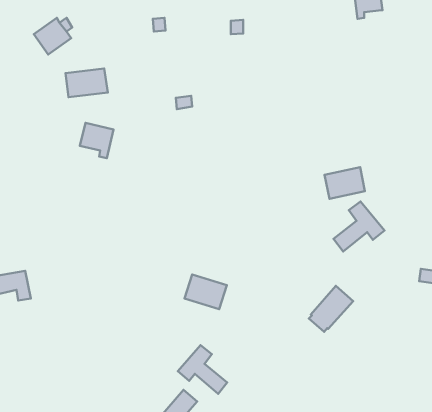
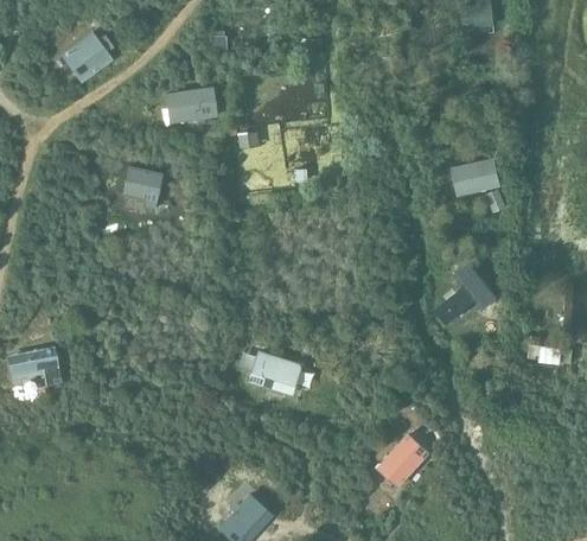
building: [66,68,108,97] -> [165,88,217,123]
building: [325,167,365,199] -> [452,158,502,197]
building: [309,286,353,332] -> [376,433,430,490]
building: [178,345,227,394] -> none

